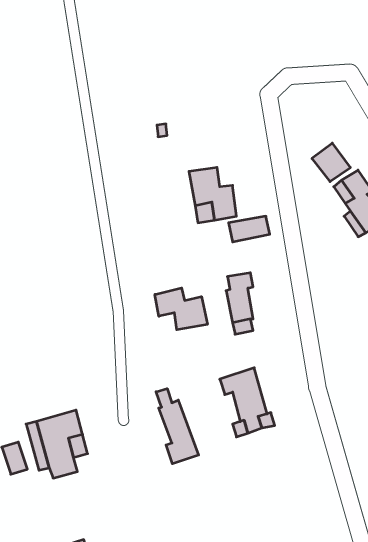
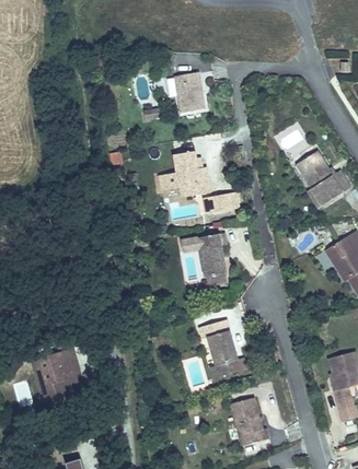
building: none -> [173,74,203,118]
building: [155,288,207,330] -> none
building: [156,389,199,464] -> none
building: none -> [229,396,268,445]

